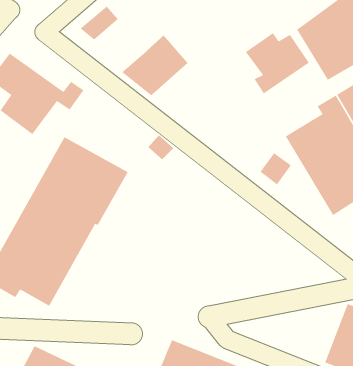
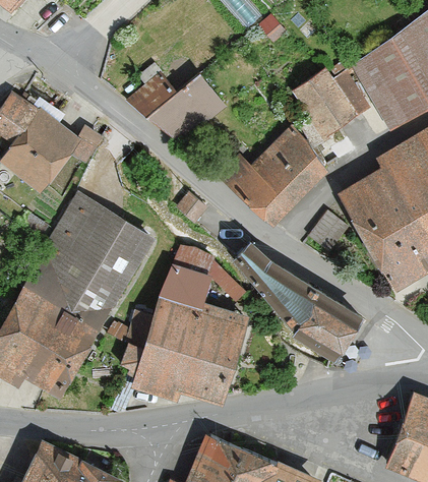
building: [80,6,119,40] -> [128,75,175,117]
building: none -> [223,126,327,219]
building: none -> [234,242,360,357]
building: none -> [134,246,248,401]

